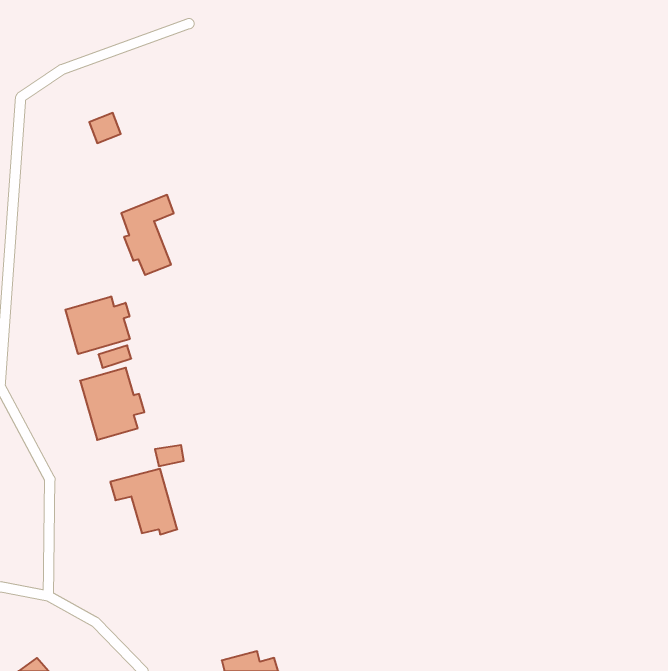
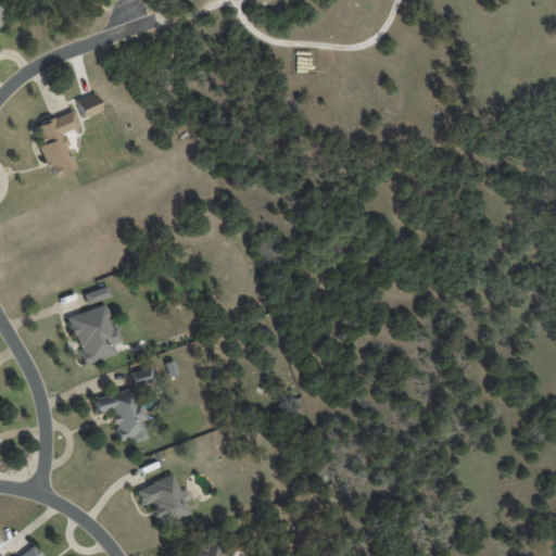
building: [121,195,174,275] -> [36,111,79,177]
building: [65,296,130,354] -> none
building: none -> [136,473,190,527]

